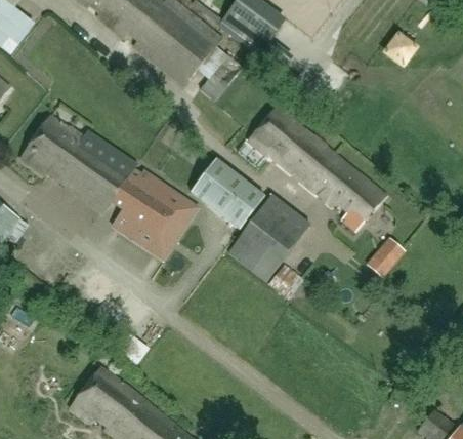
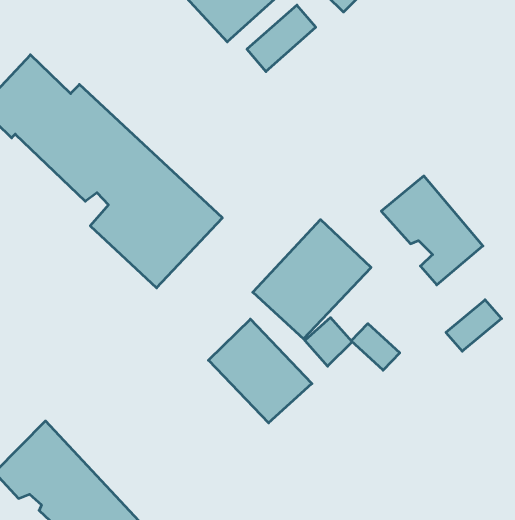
building: [249,106,334,185] -> none
building: [190,159,263,229] -> [208,319,312,423]
building: none -> [351,324,400,370]

